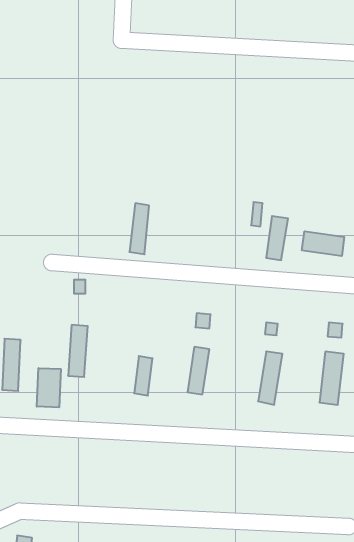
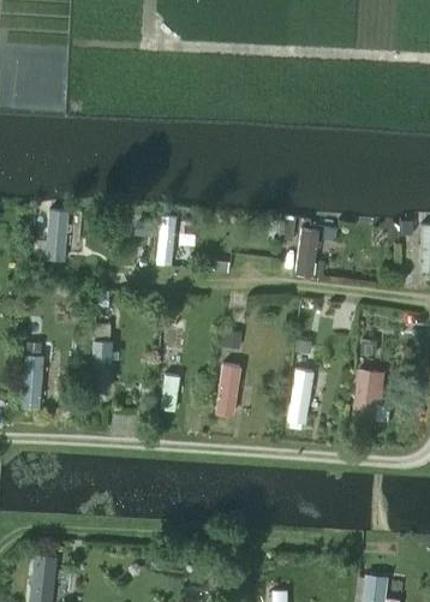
building: none -> [44,210,67,262]
building: [302,231,344,256] -> none
building: [37,368,61,407] -> none

